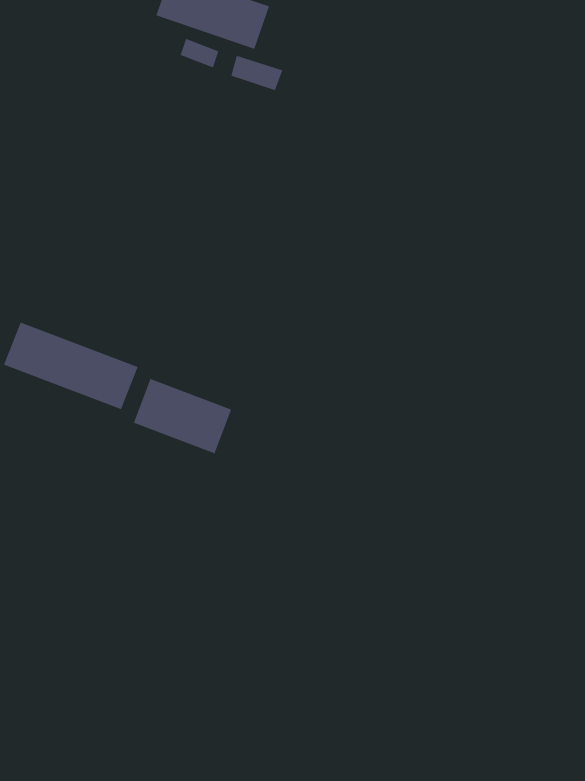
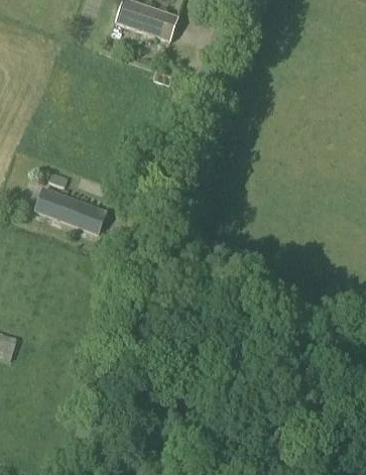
building: [133,378,232,454] -> none

